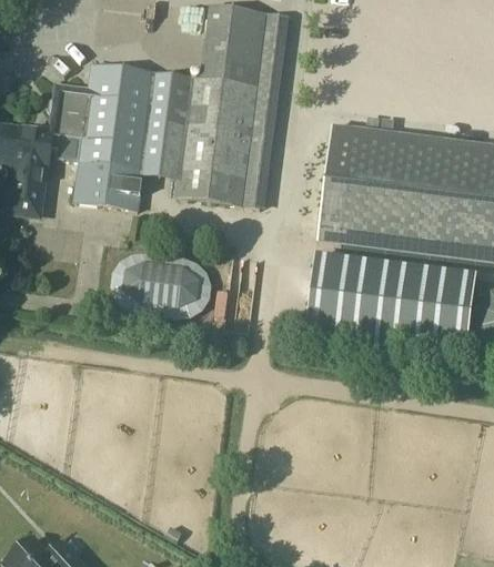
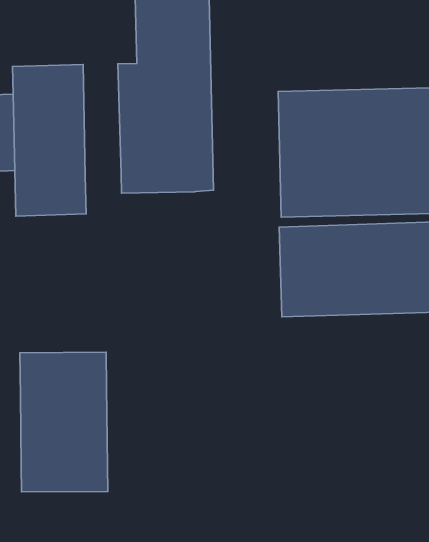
building: [143,71,189,178] -> none
building: [112,254,210,316] -> none
building: none -> [20,352,108,492]

